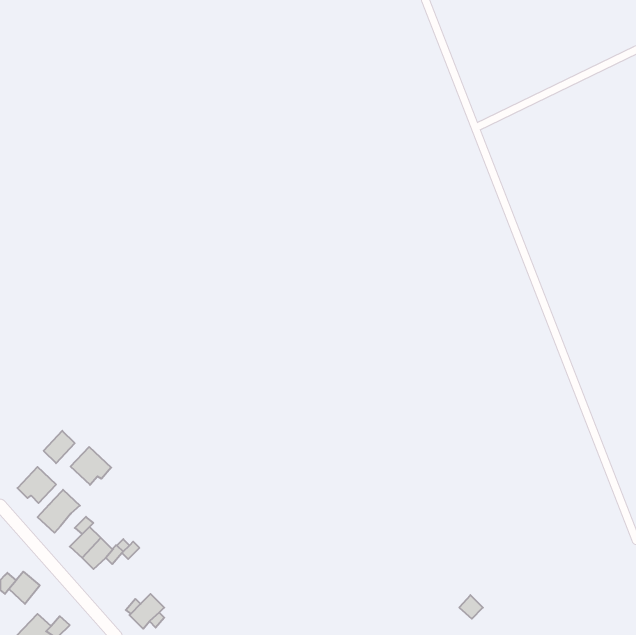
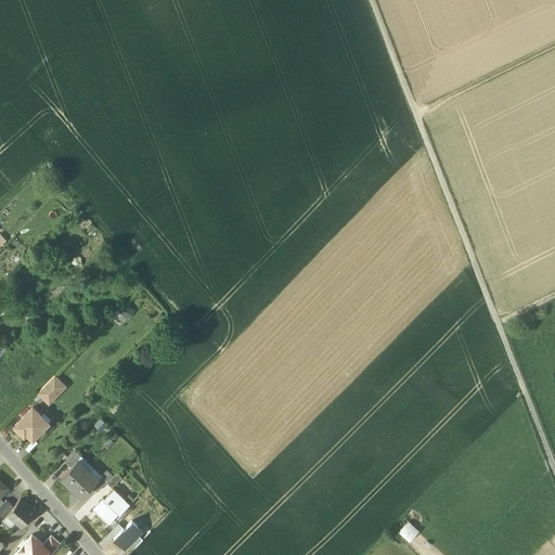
building: [71,447,111,485] -> none
building: [38,490,80,533] -> none
building: none -> [93,489,130,524]

